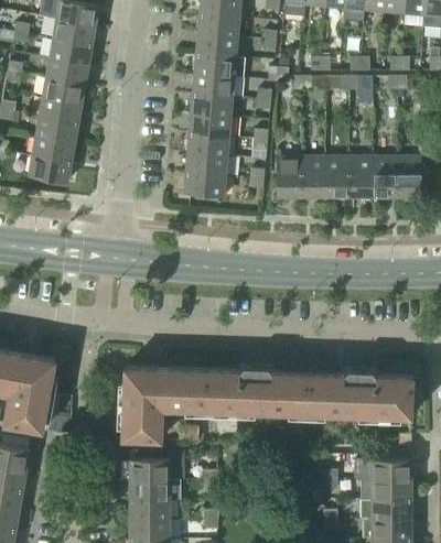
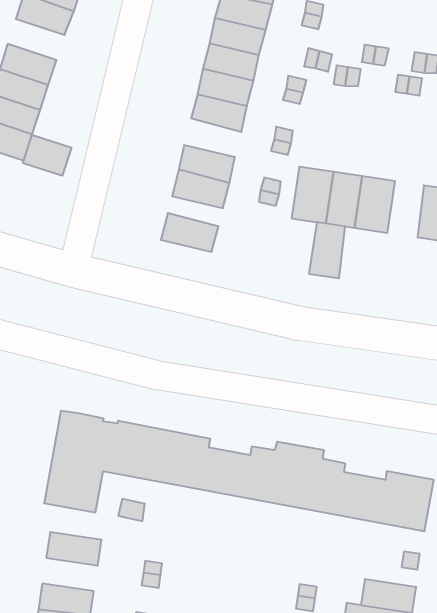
building: [43,77,85,104] -> none
building: [187,132,229,156] -> [161,213,218,252]
building: [351,156,374,196] -> [309,222,345,278]
building: none -> [23,135,71,176]
building: [130,479,170,499] -> none

